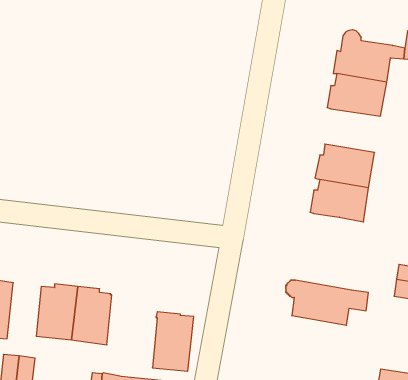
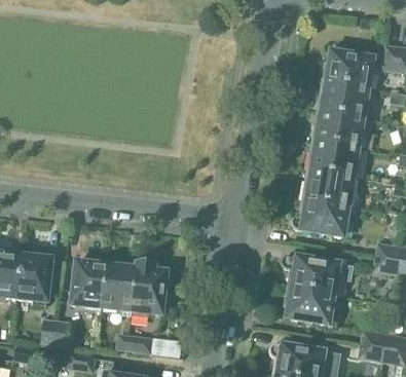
building: none -> [312,111,363,148]
building: none -> [293,199,348,235]
building: [152,312,194,371] -> [132,263,167,313]
building: none -> [285,286,337,326]

